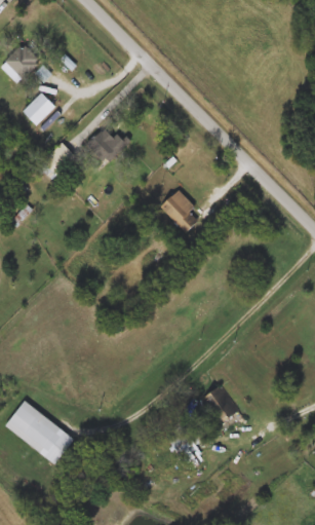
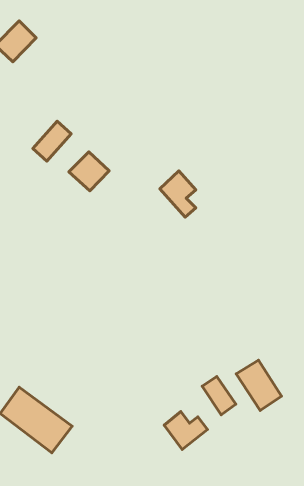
building: [23,91,57,126] -> none
building: [87,126,126,164] -> [69,152,109,191]
building: none -> [236,360,282,410]

